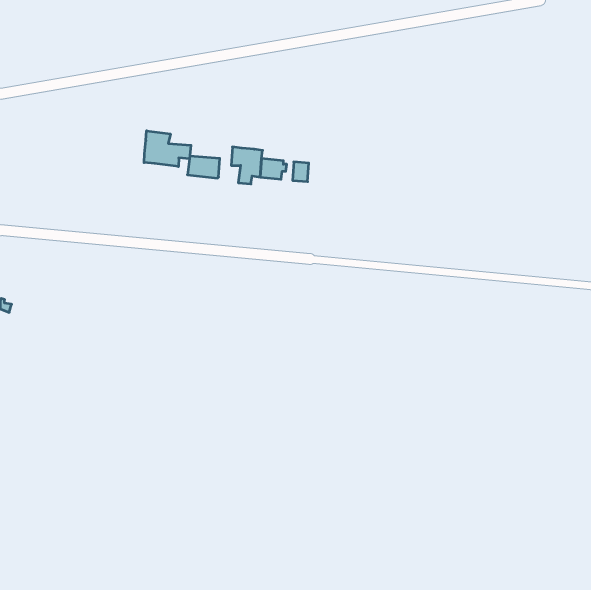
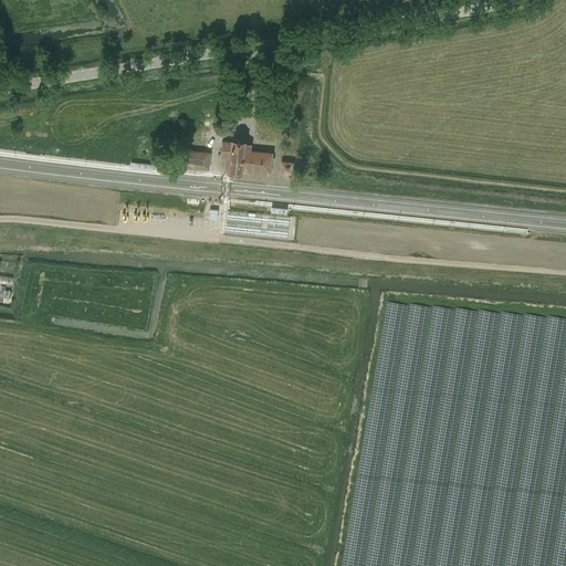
building: [144,131,191,167] -> none

